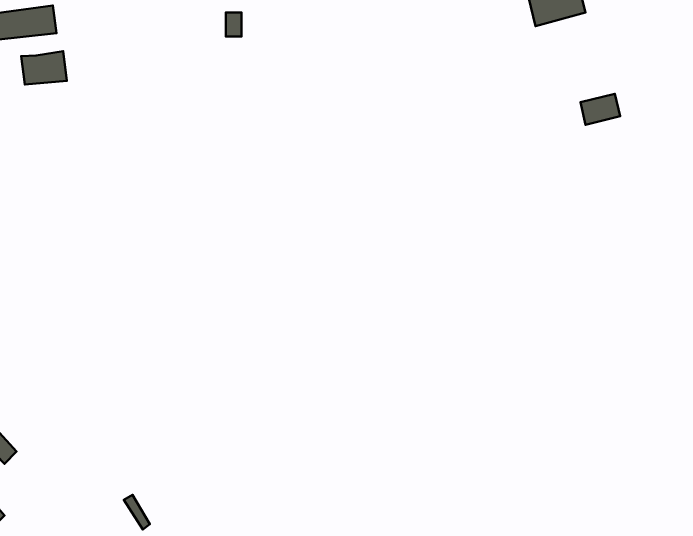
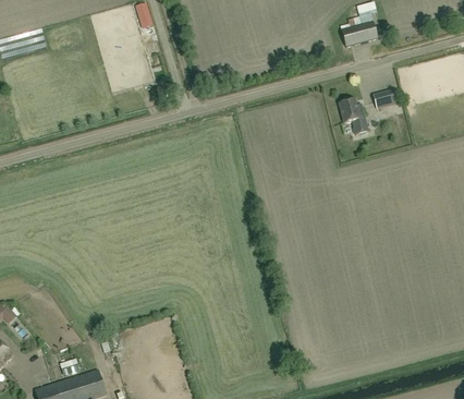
building: [21,51,67,85] -> none
building: none -> [339,100,368,135]

